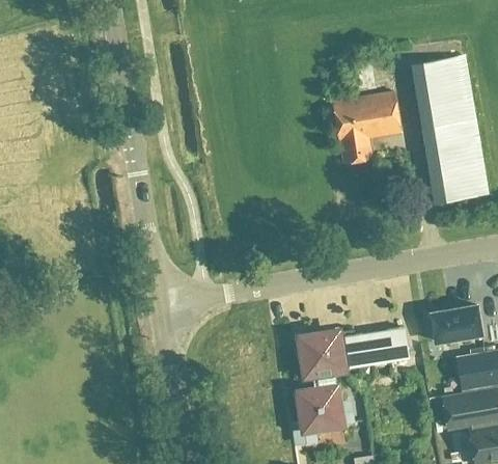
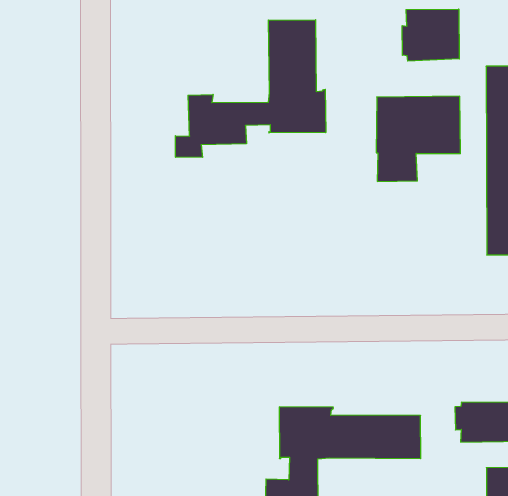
building: none -> [402,9,459,61]
building: none -> [175,20,326,157]

